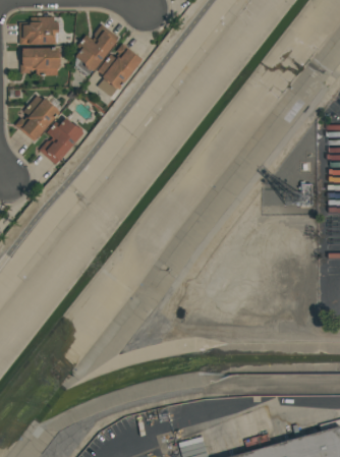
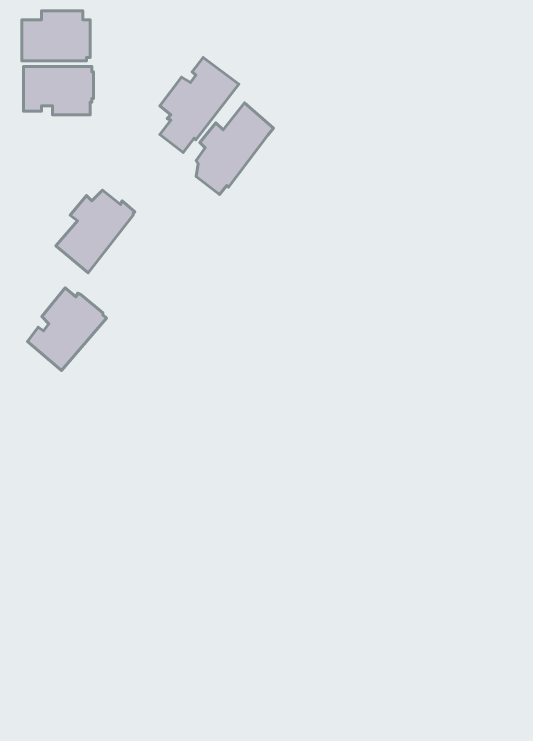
building: [75,23,119,75] -> [196,103,273,194]
building: [15,95,60,141] -> [27,288,106,370]

